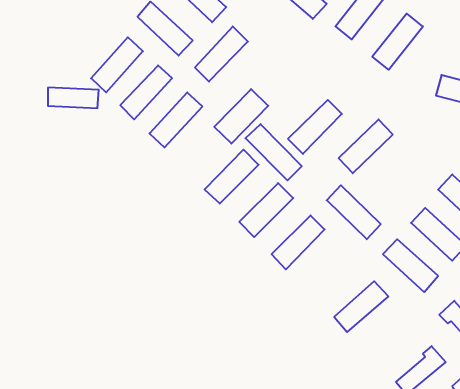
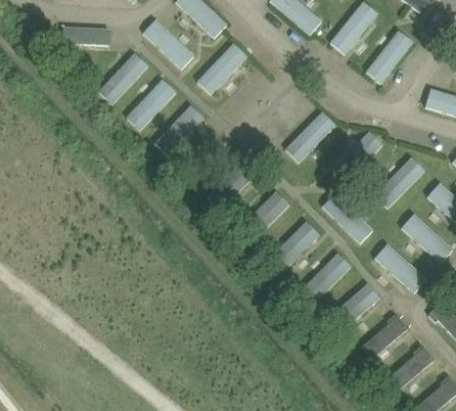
building: [48,88,99,108] -> [61,26,109,45]
building: [214,89,268,144] -> none
building: [245,124,302,180] -> none
building: none -> [374,156,425,208]
building: none -> [300,253,351,304]
building: none -> [361,313,408,359]

